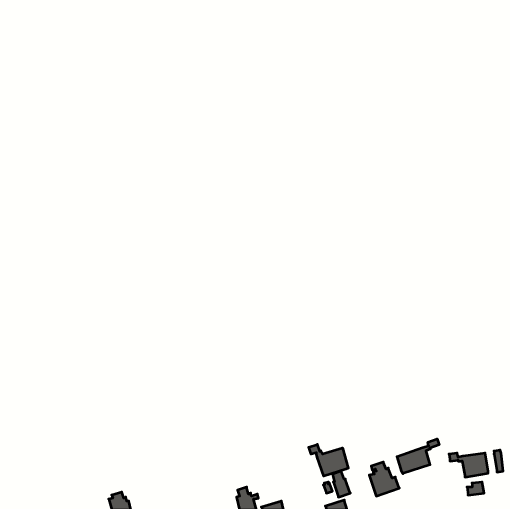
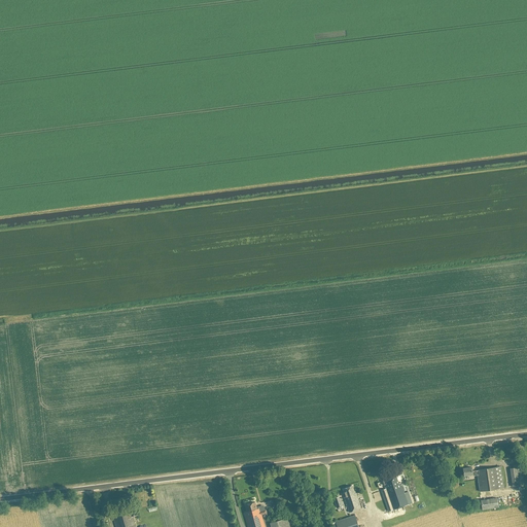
building: [397,439,439,474] -> none
building: [309,444,348,476] -> none

